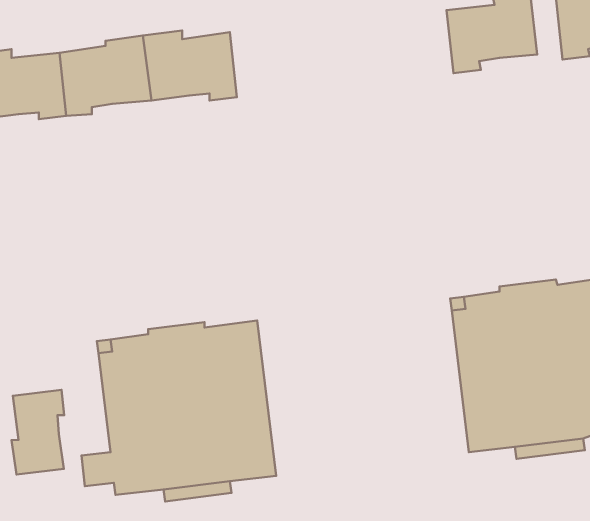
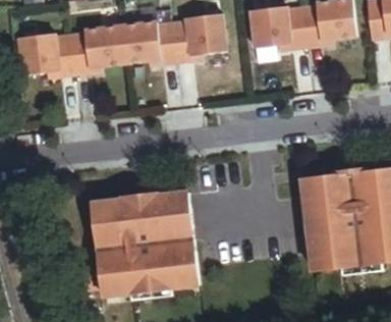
building: none -> [249,6,305,46]
building: none -> [172,11,226,59]
building: [12,390,64,474] -> none

